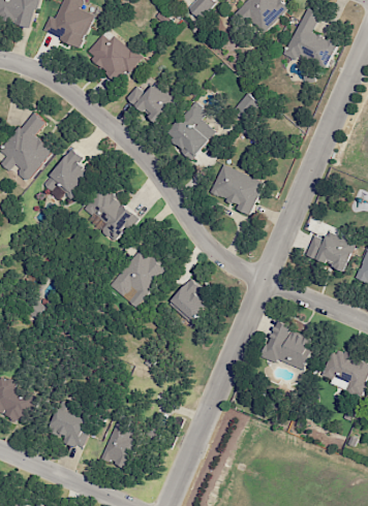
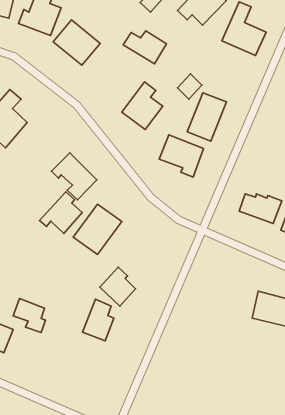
building: [124,84,176,123] -> [123,31,167,64]
building: none -> [187,93,227,141]
building: [41,149,92,198] -> [40,192,82,233]
building: [167,278,210,324] -> [100,267,135,306]
building: [262,323,314,370] -> none
building: [49,408,87,448] -> [13,299,45,332]
building: [100,417,137,467] -> [83,299,114,341]

